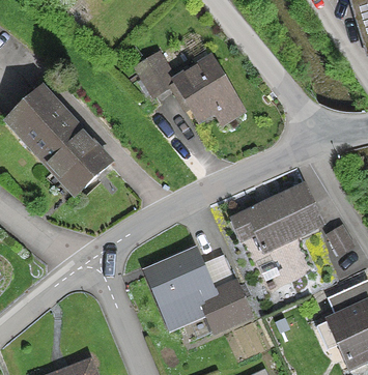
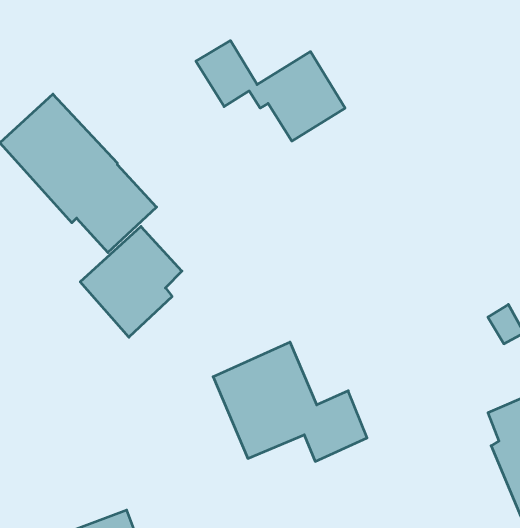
building: none -> [80,226,182,337]
building: [245,184,322,250] -> none

